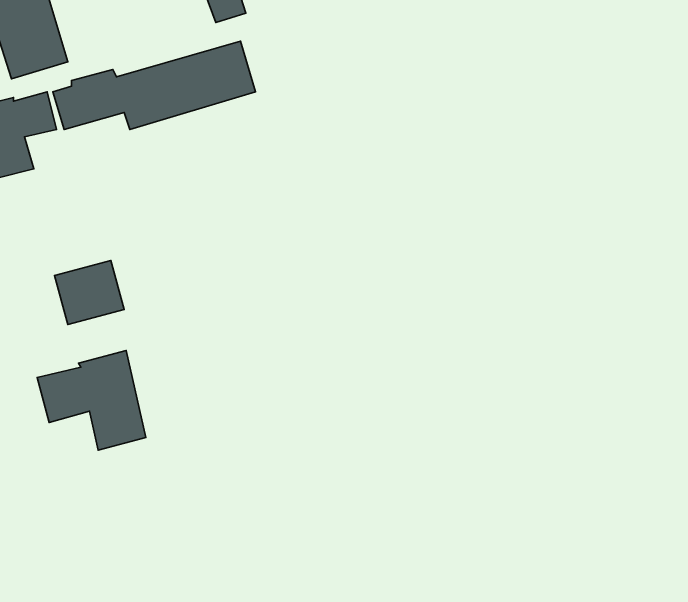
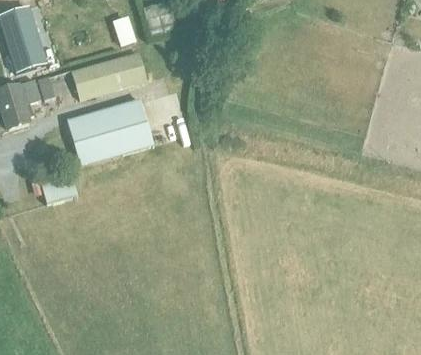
building: none -> [67,100,153,165]
building: [37,350,146,450] -> none

